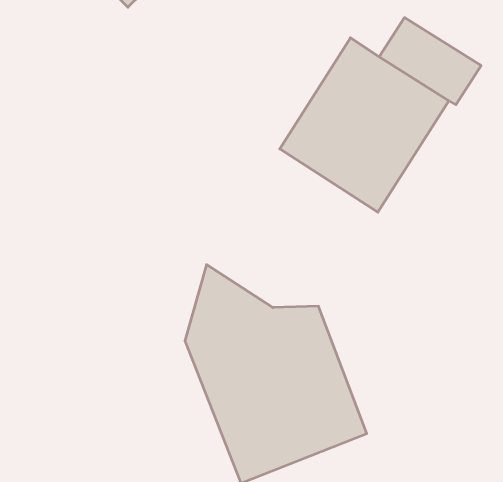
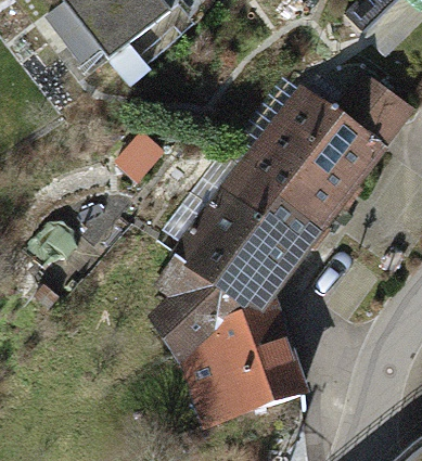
building: none -> [172,176,309,300]

